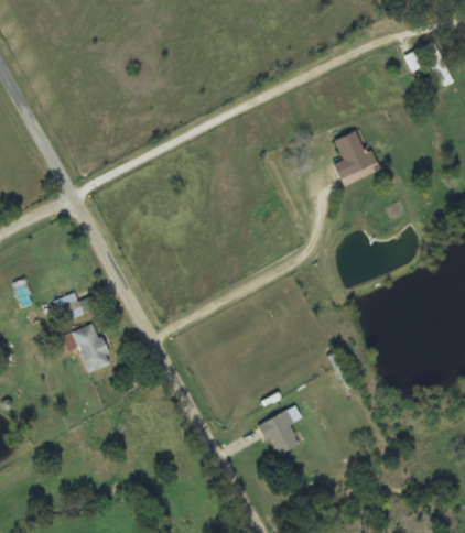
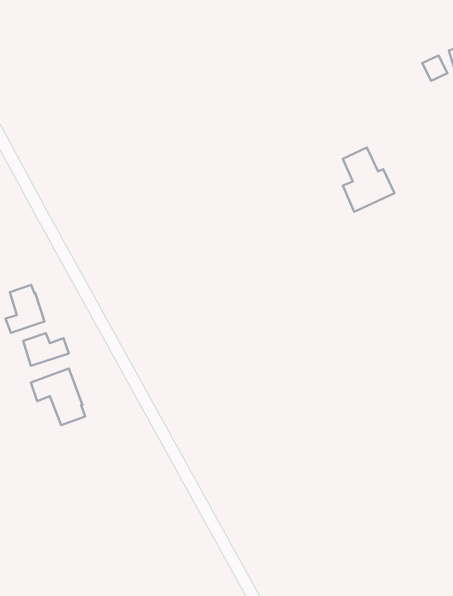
building: none -> [5,285,44,333]
building: [257,409,300,455] -> none

